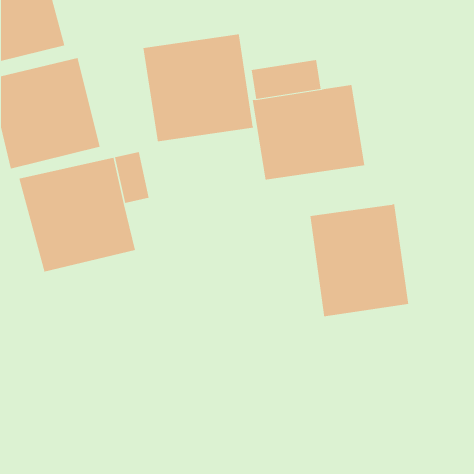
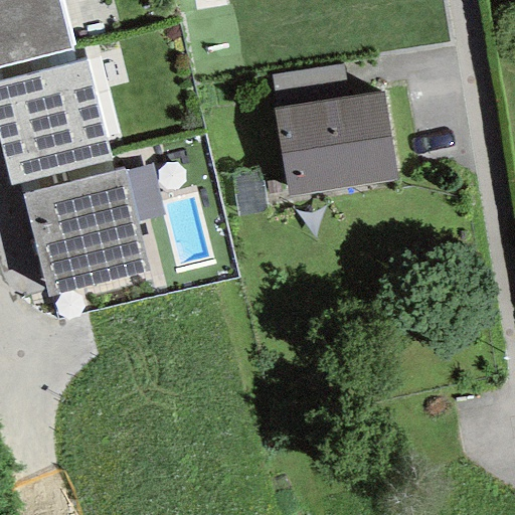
building: [143,34,254,142] -> none
building: [310,203,409,317] -> none

